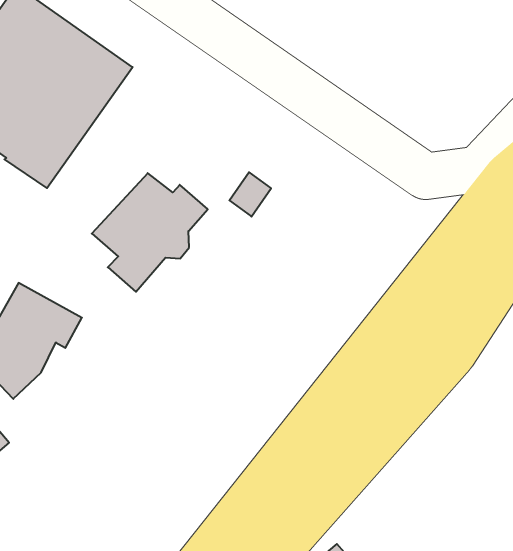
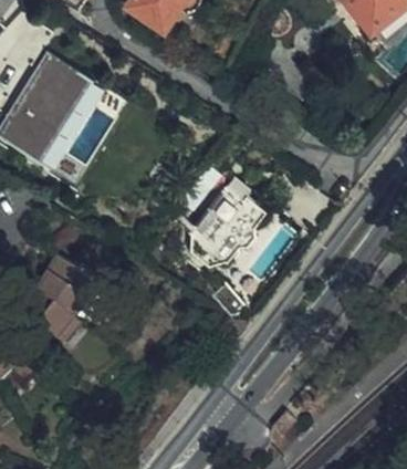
building: [92,173,208,292] -> [186,190,263,271]

